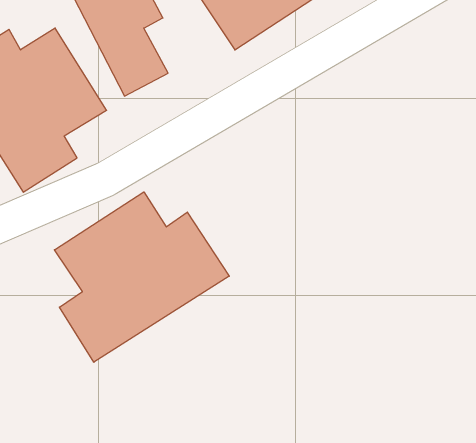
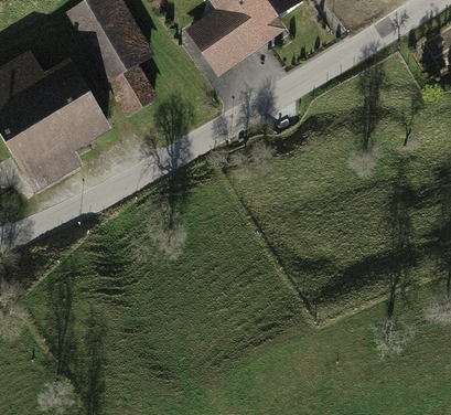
building: [54,192,229,362] -> none

